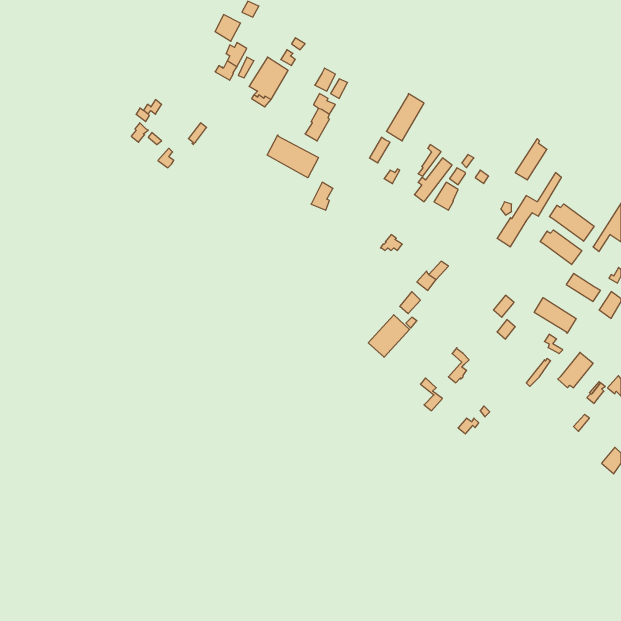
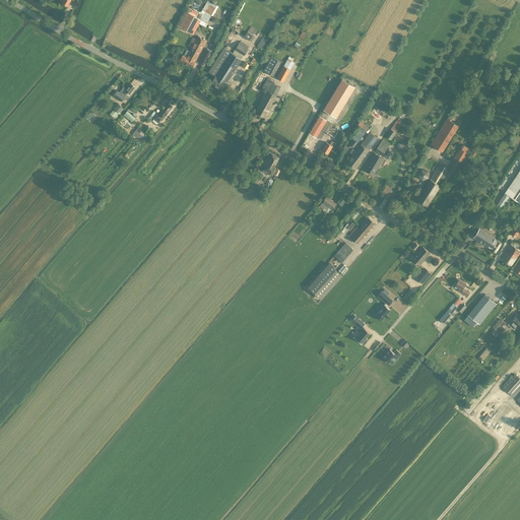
building: [267,135,318,178] -> none
building: [549,204,594,241] -> none
building: [540,230,582,265] -> none
building: [534,298,576,333] -> none

